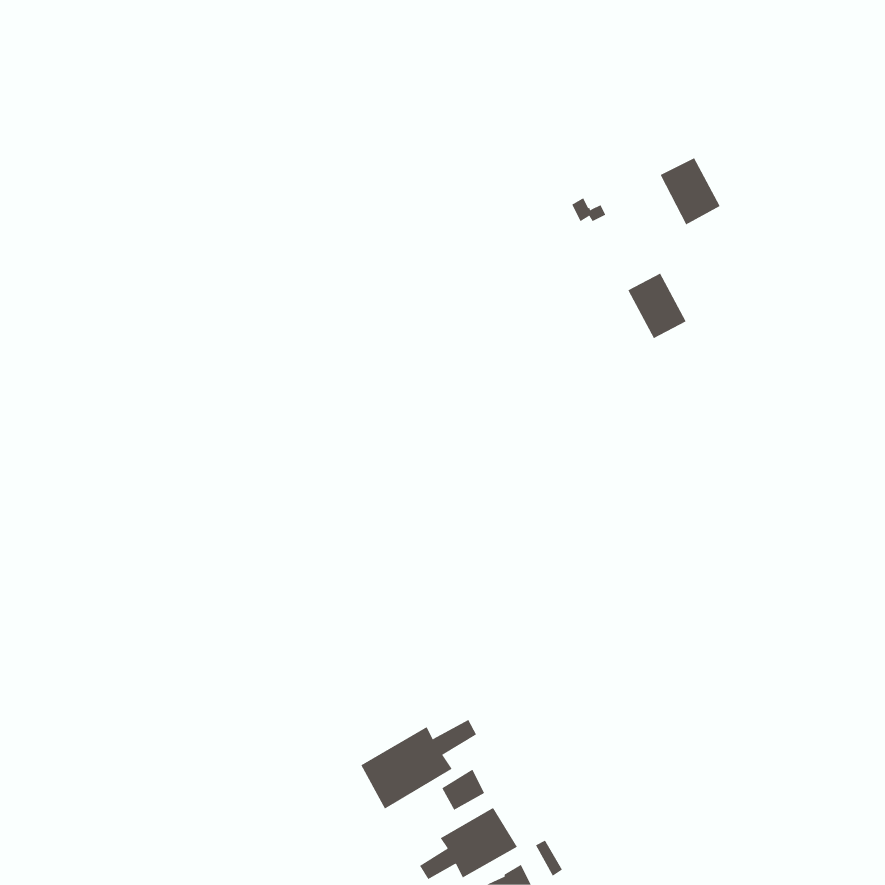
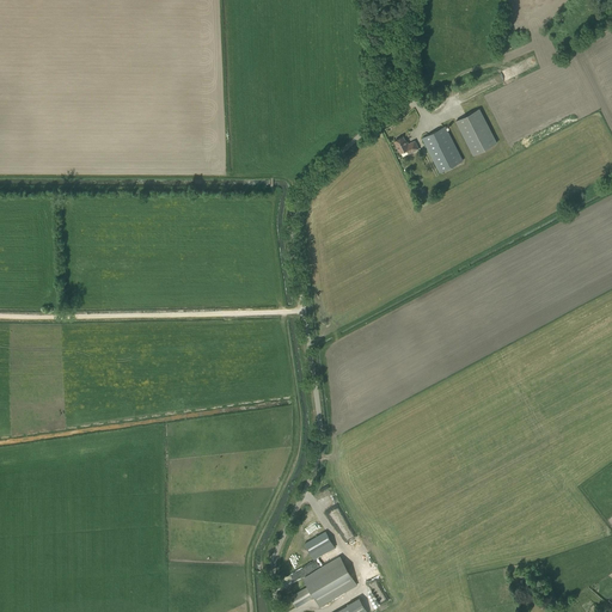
building: [628,273,686,339] -> [422,127,463,172]
building: [360,719,477,809] -> none

